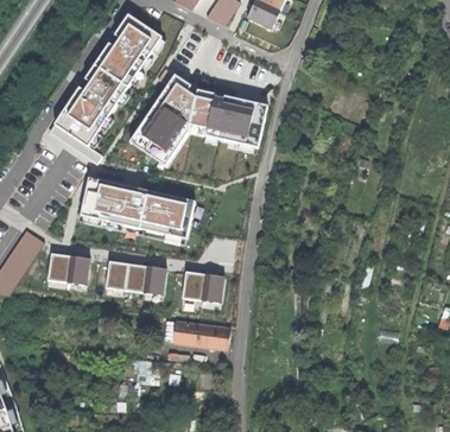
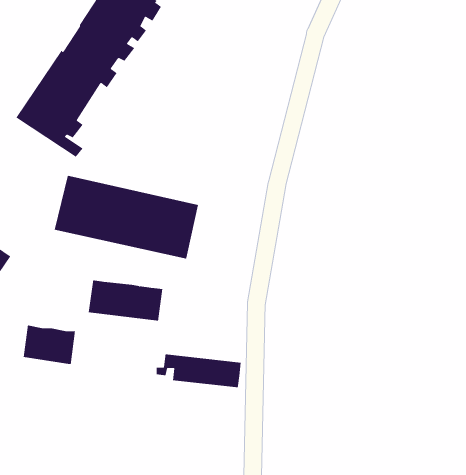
building: [128,68,266,165] -> none
building: [46,253,89,285] -> [23,325,76,365]
building: [180,272,223,303] -> none

